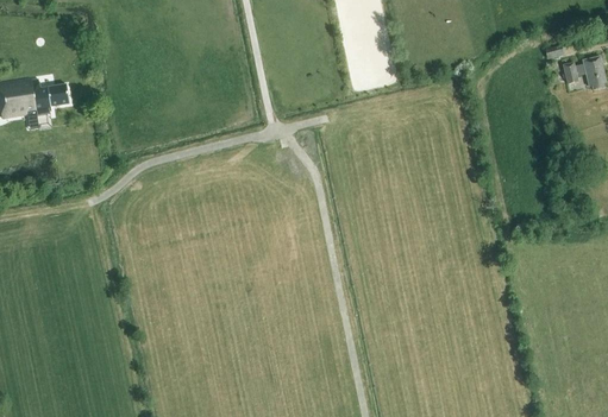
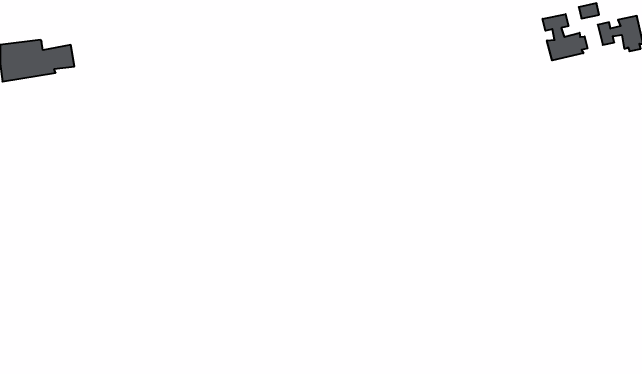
building: none -> [543,14,587,60]

